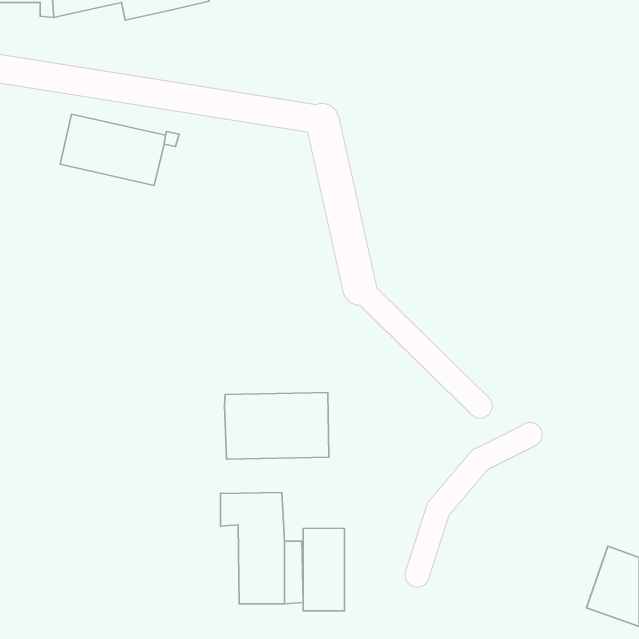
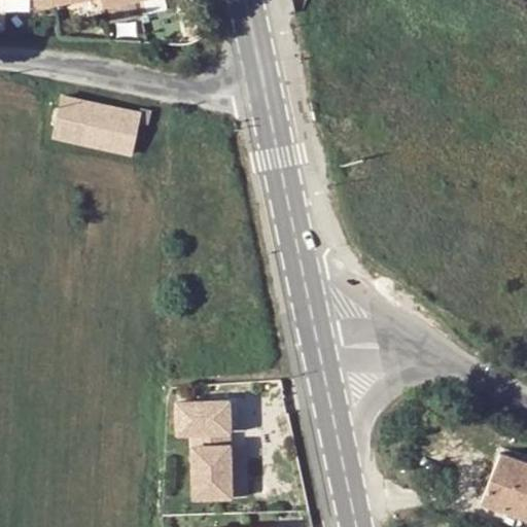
building: [225,393,329,459] -> none
building: [303,528,345,611] -> none

